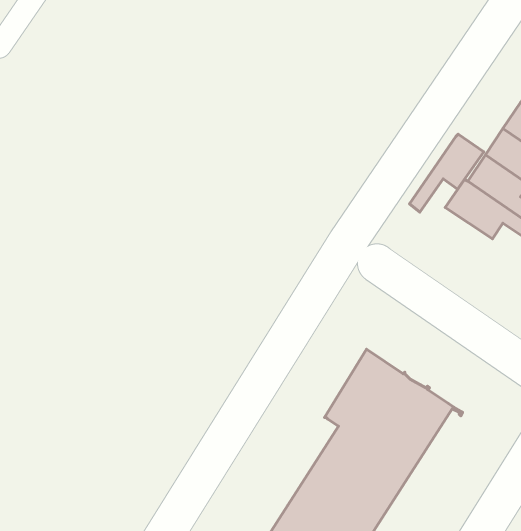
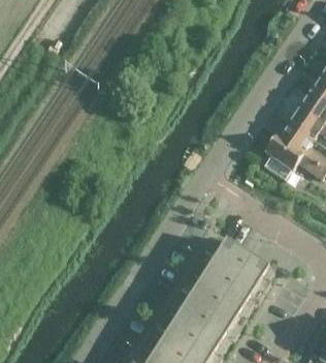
building: [410,134,484,212] -> none

